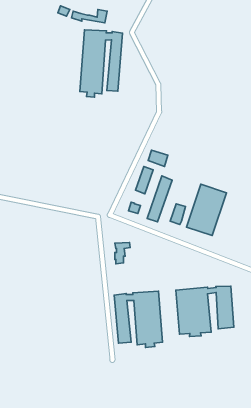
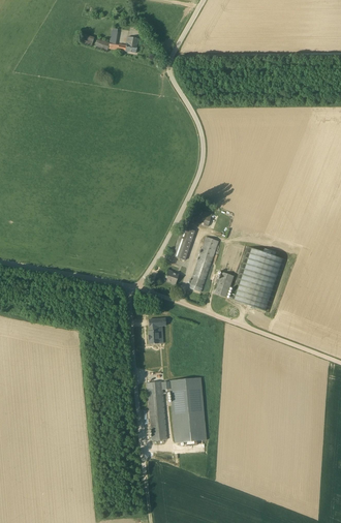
building: [80,30,122,97] -> none
building: [176,286,234,337] -> none

